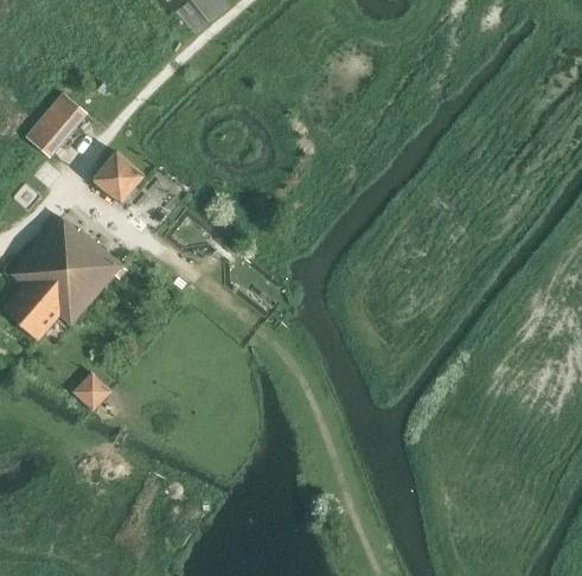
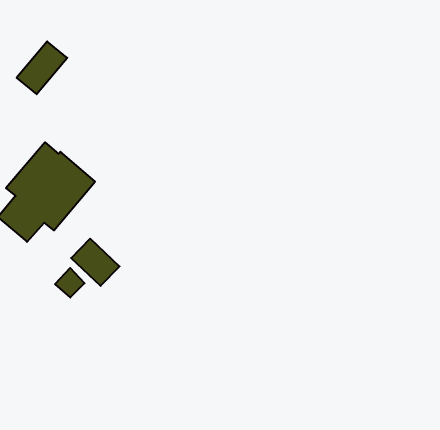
building: [96,155,142,201] -> none
building: none -> [71,239,120,286]

